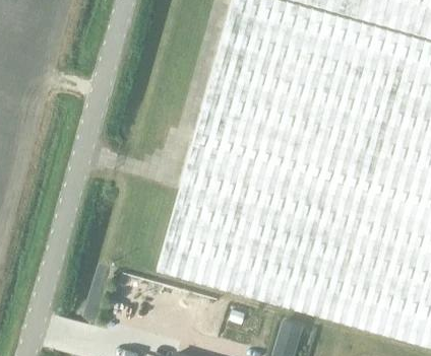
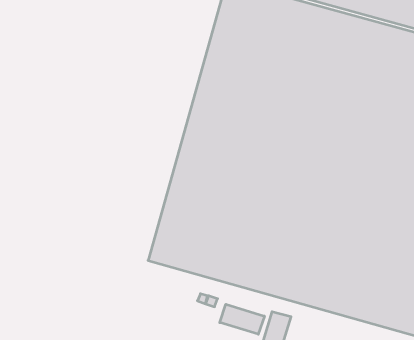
building: none -> [220,304,264,334]

